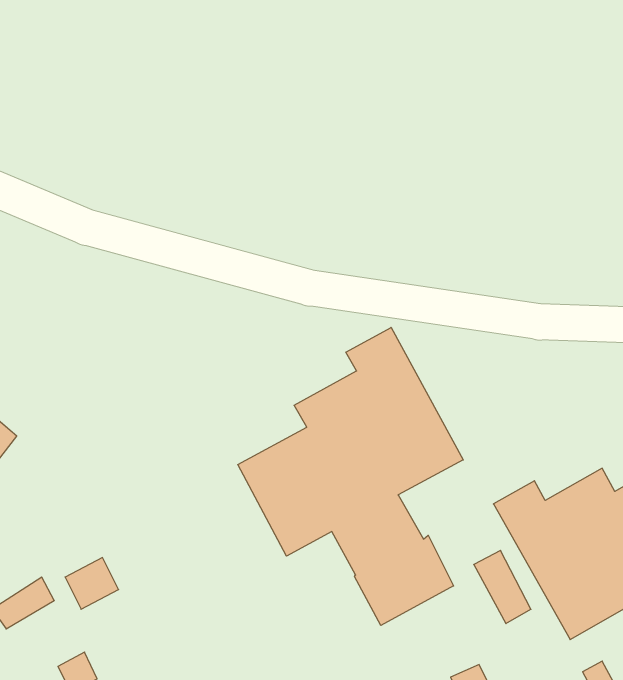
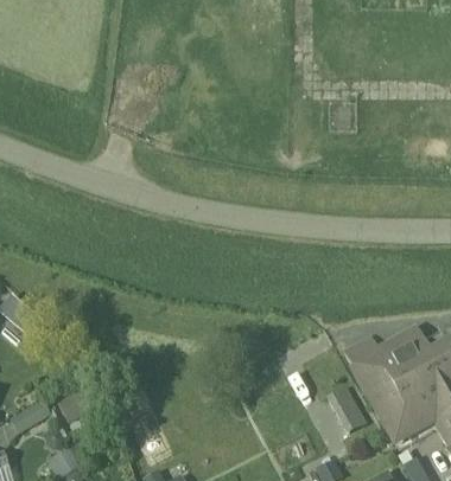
building: [238,327,463,625] -> none

